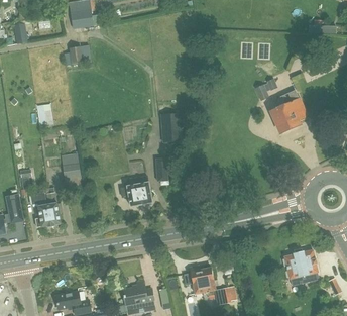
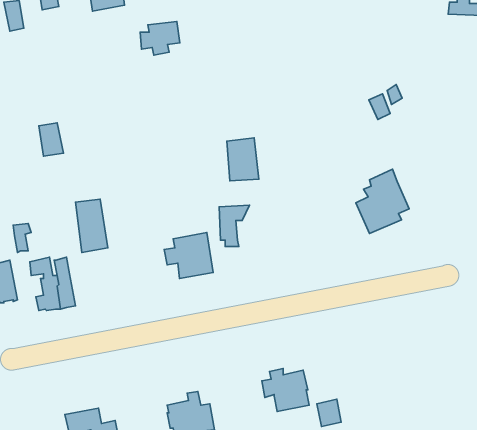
building: [65,46,91,69] -> [140,22,180,55]
building: [271,90,307,132] -> [356,169,409,233]
building: [284,249,320,286] -> none

